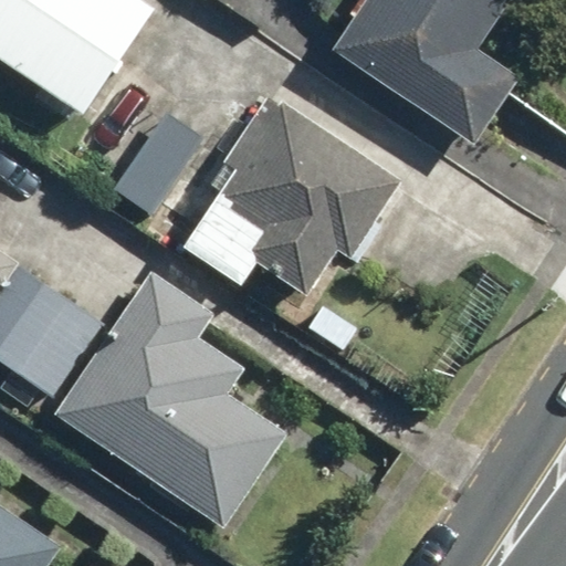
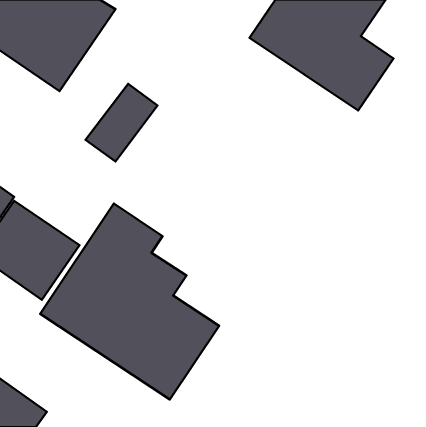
building: [180,93,401,297] -> none

